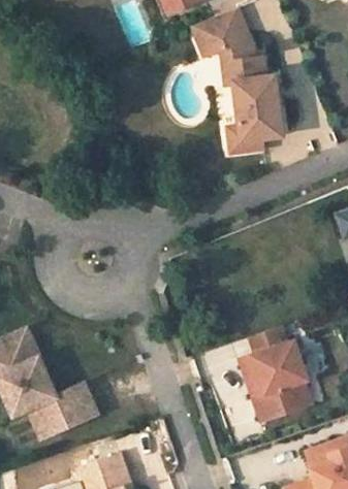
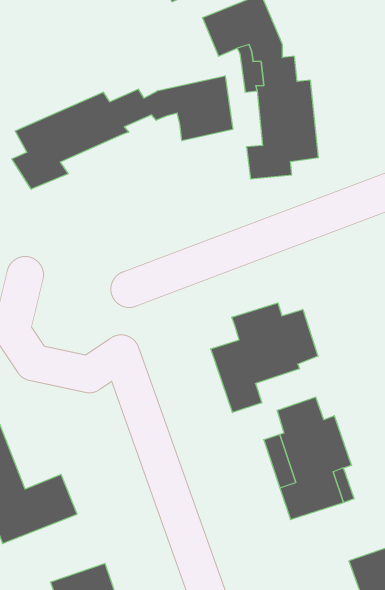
building: none -> [12,76,233,189]
building: none -> [211,303,318,413]

